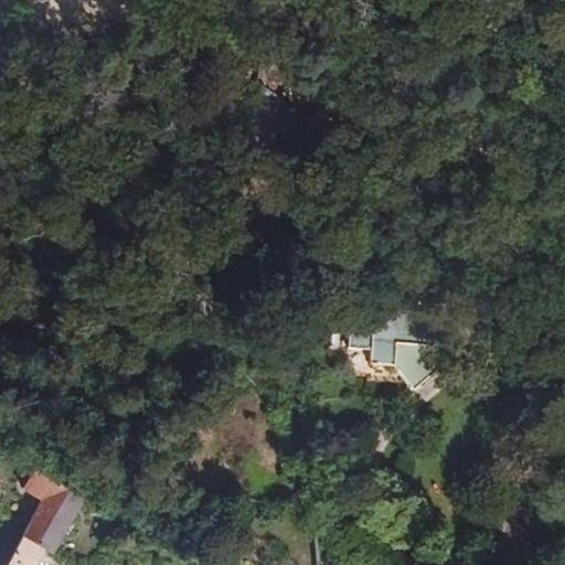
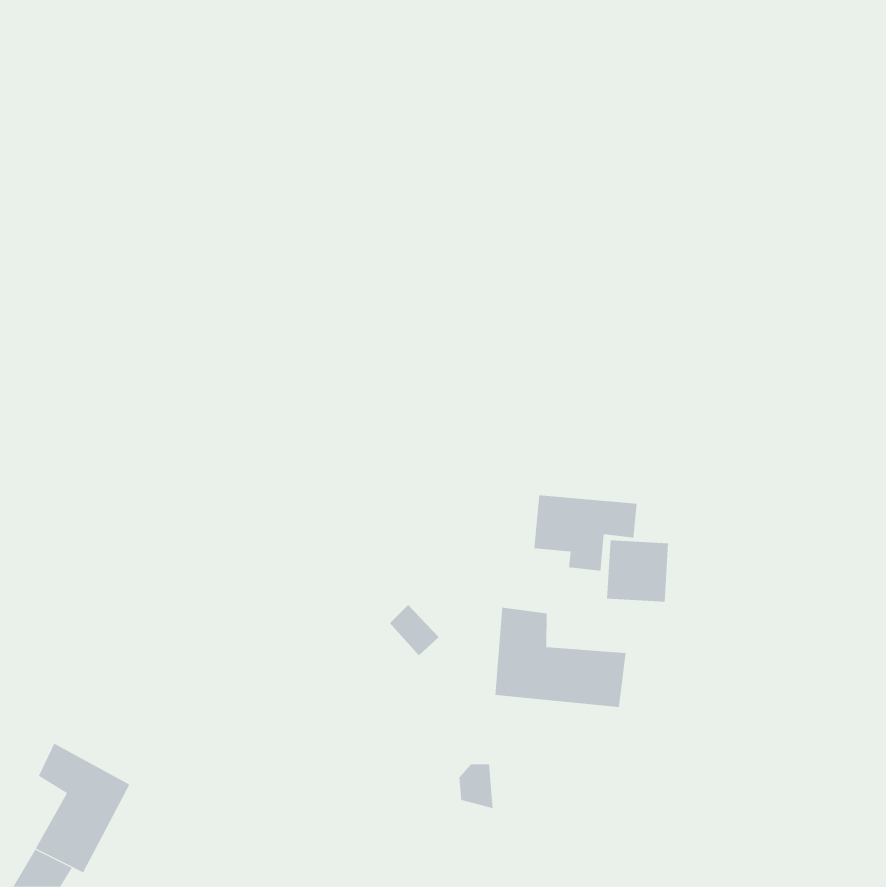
building: none -> [495,607,626,708]

